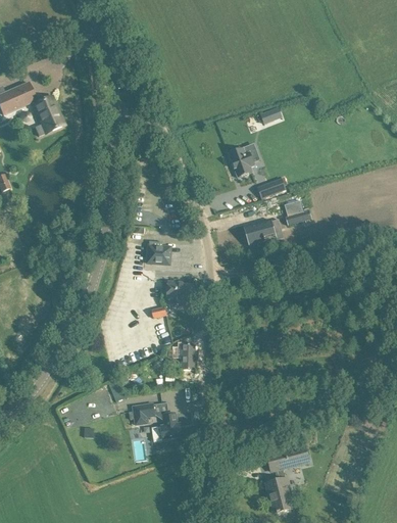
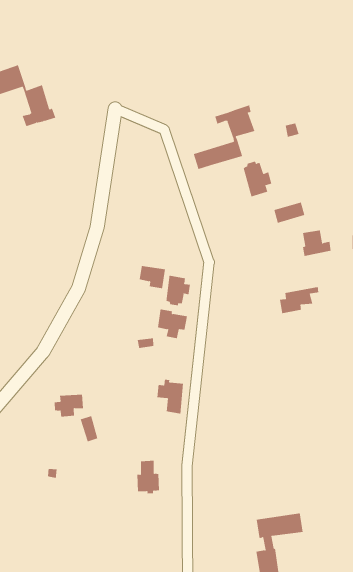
building: none -> [193,104,255,170]
building: [246,219,280,245] -> [279,286,319,314]
building: none -> [166,275,191,306]
building: [129,402,155,424] -> [54,394,84,417]

